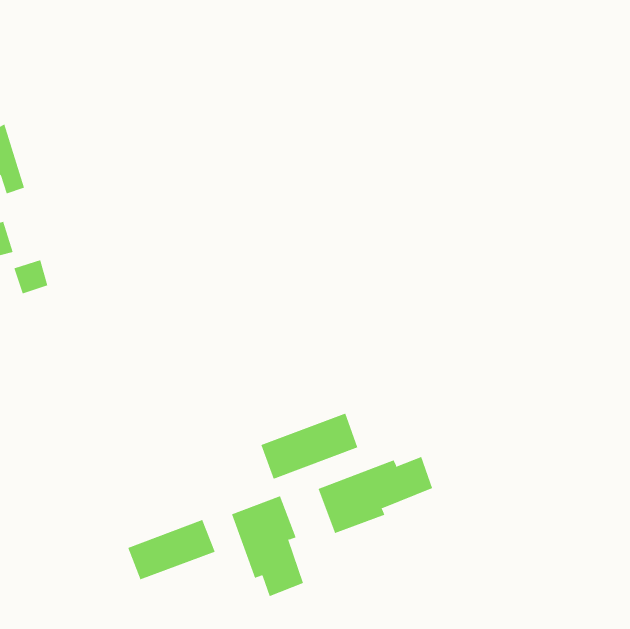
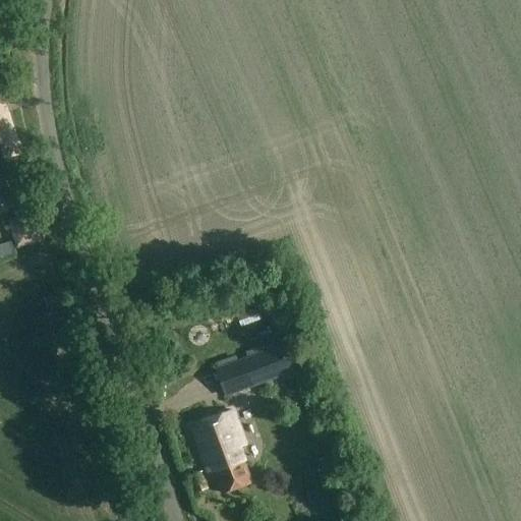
building: [318,456,433,534] -> none
building: [127,519,215,580] -> none

